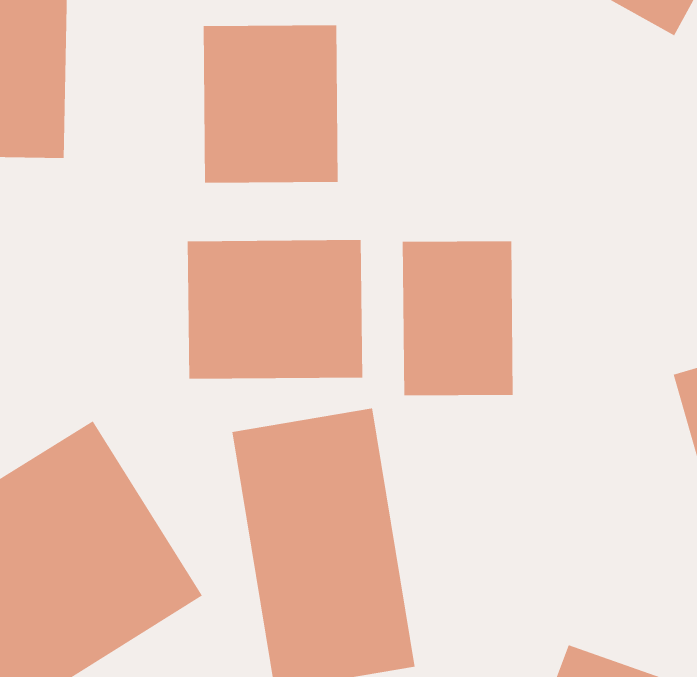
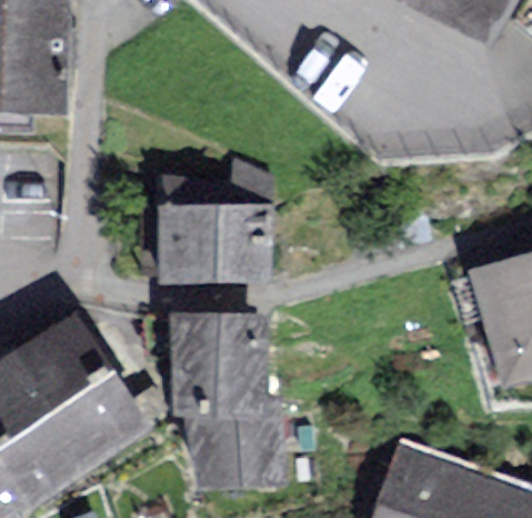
building: [203,24,338,184] -> none
building: [402,240,513,396] -> none

